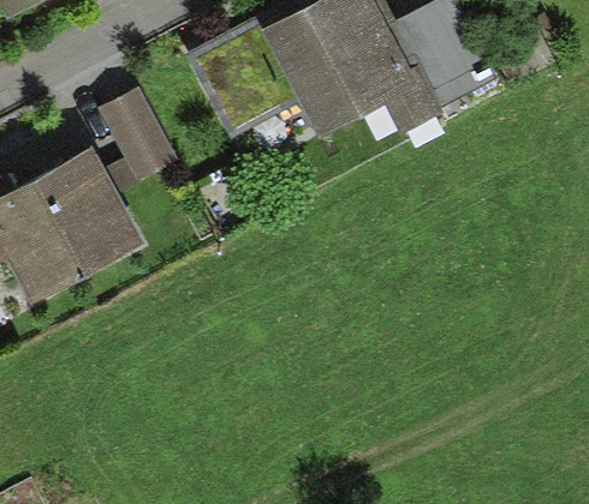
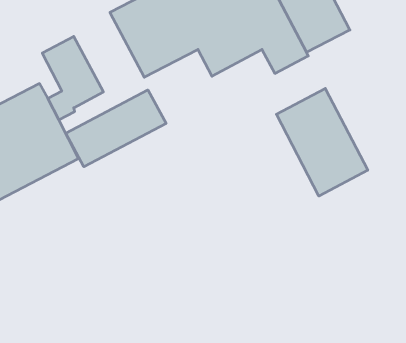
building: none -> [276,88,368,196]
building: none -> [66,90,166,167]

